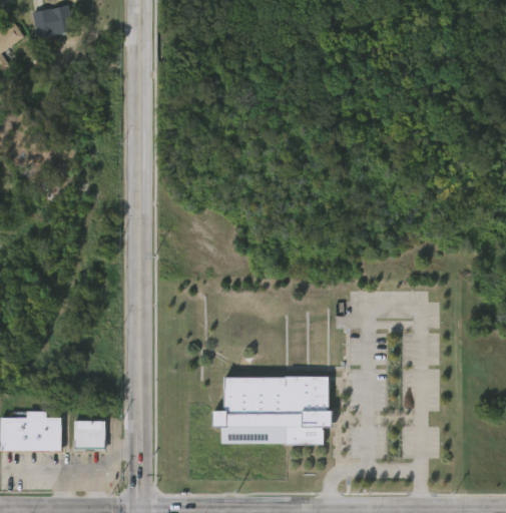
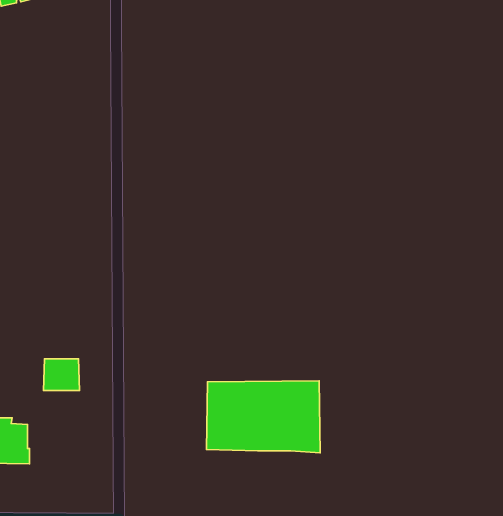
building: [72,421,105,450] -> [44,359,80,390]

